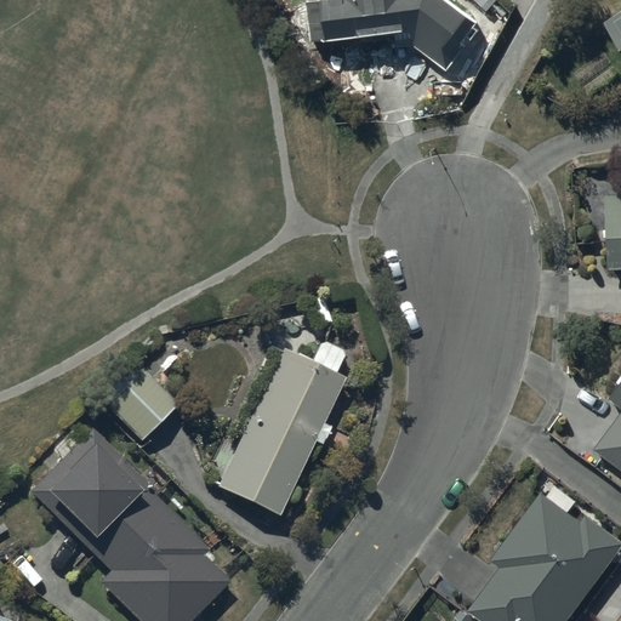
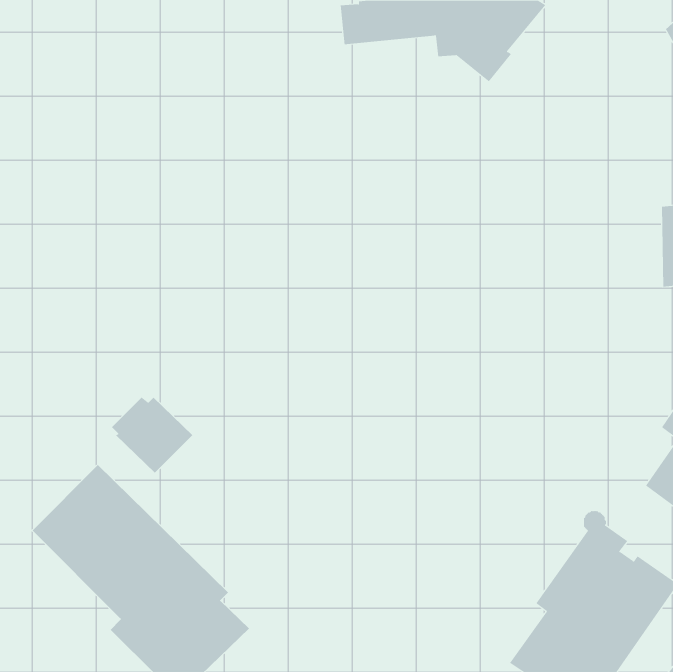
building: [220,337,348,514] -> none

